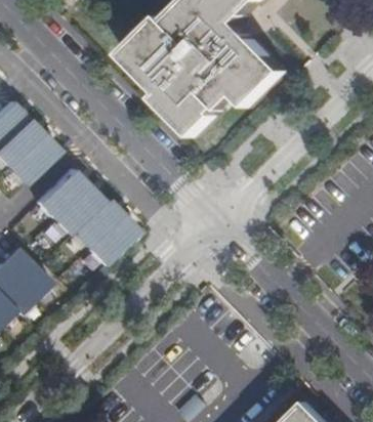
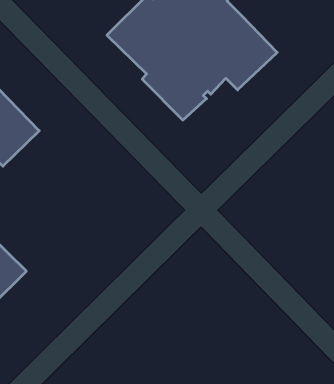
building: [34,170,136,267] -> none

